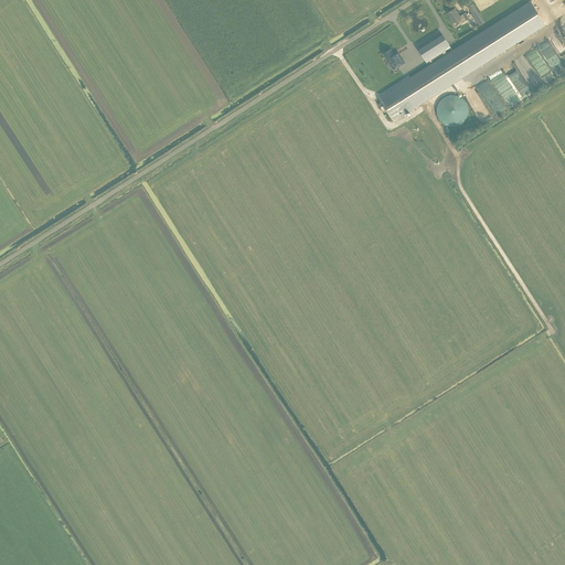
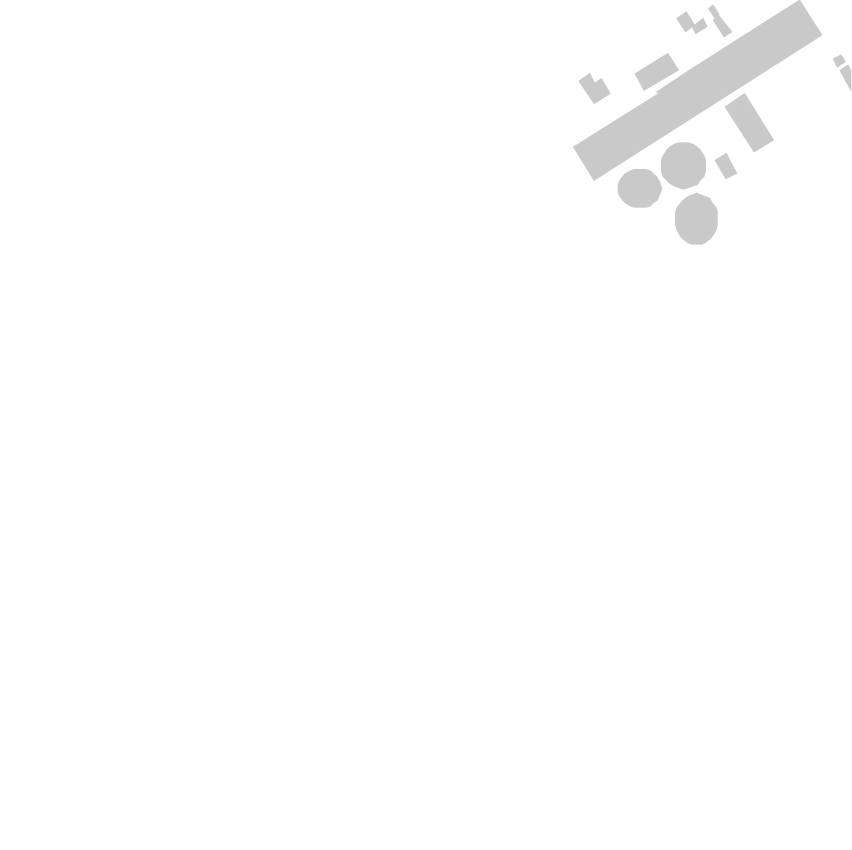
building: none -> [617,168,663,208]
building: none -> [675,192,718,246]

